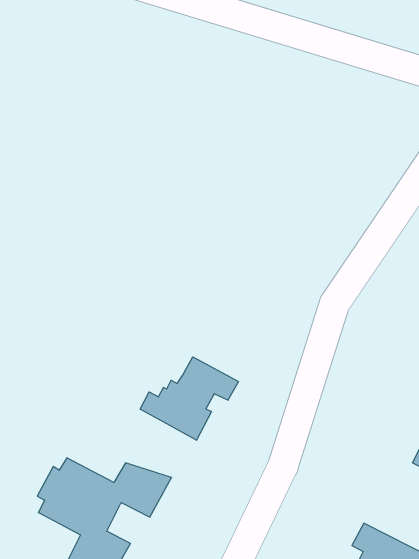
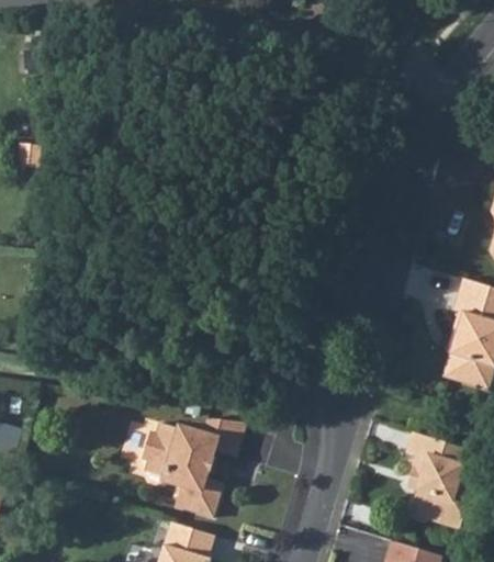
building: [140,357,238,440] -> none

